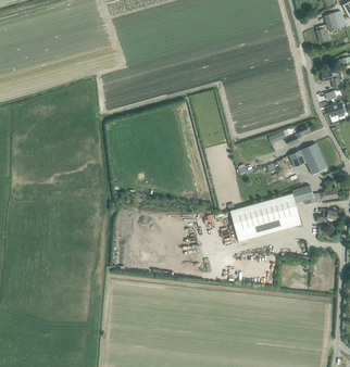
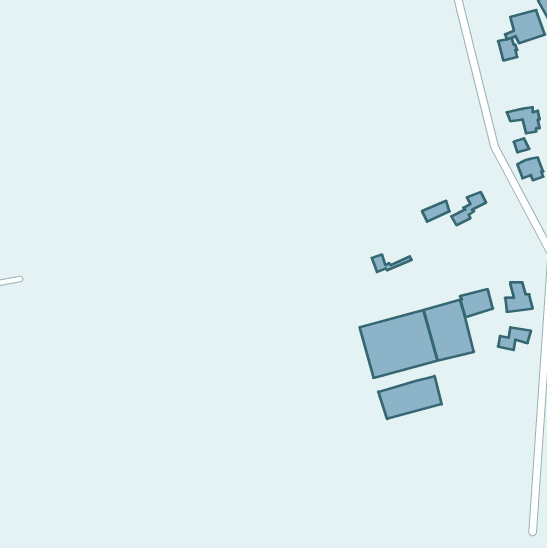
building: [288,143,327,175] -> none
building: none -> [378,376,442,419]

